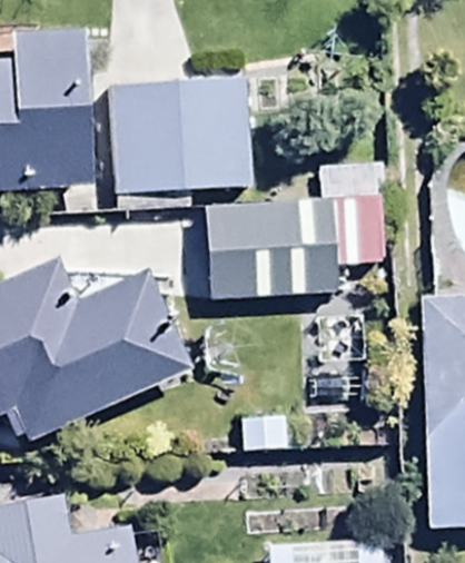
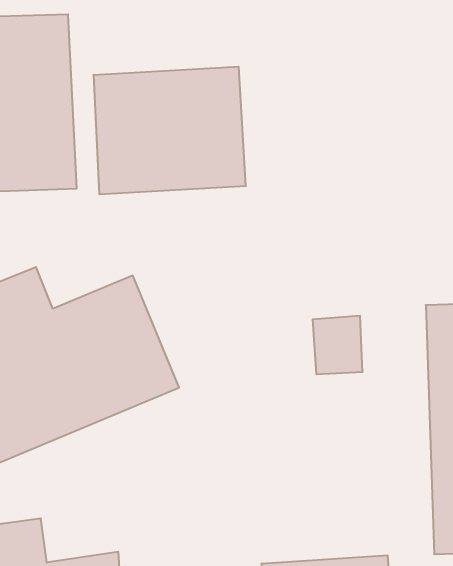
building: [206,192,388,300] -> none

